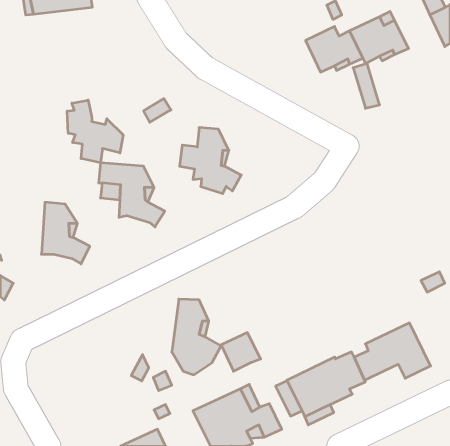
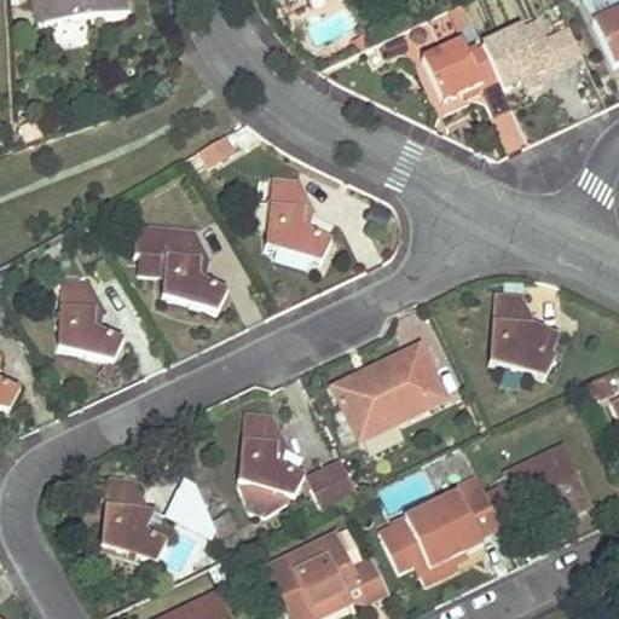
building: [67,100,123,163] -> none
building: none -> [488,291,560,380]
building: none -> [332,345,445,440]
building: none -> [100,476,167,563]

